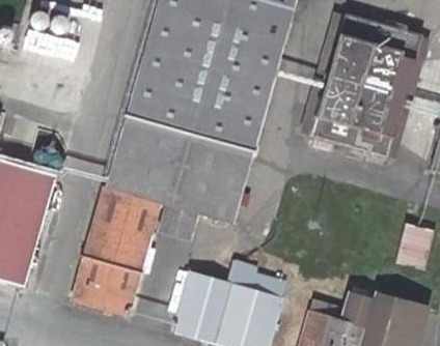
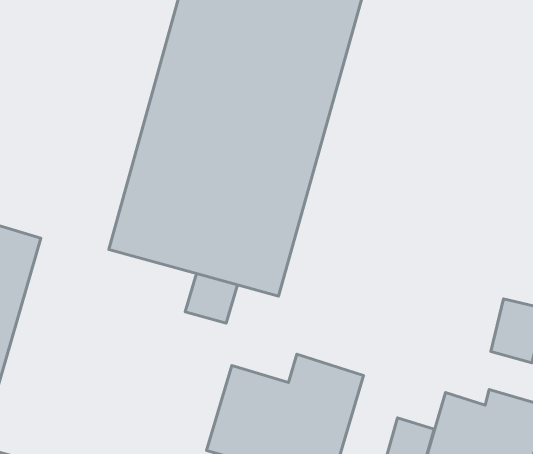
building: [303,11,412,156] -> none
building: [75,193,161,317] -> none

